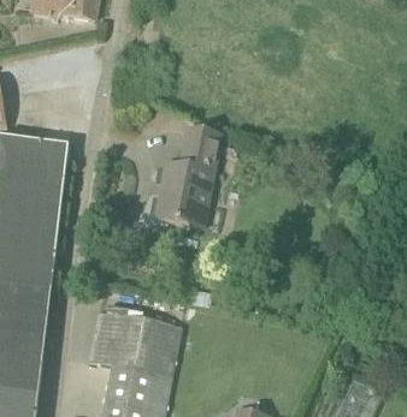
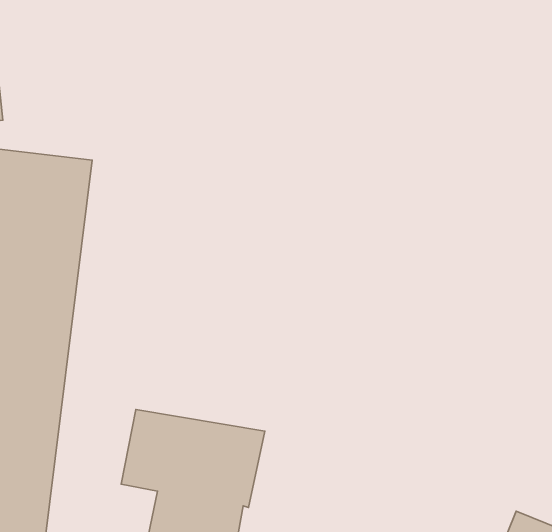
building: [158,127,220,221] -> none

